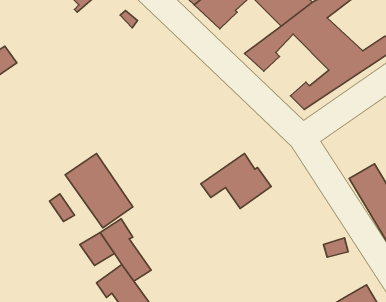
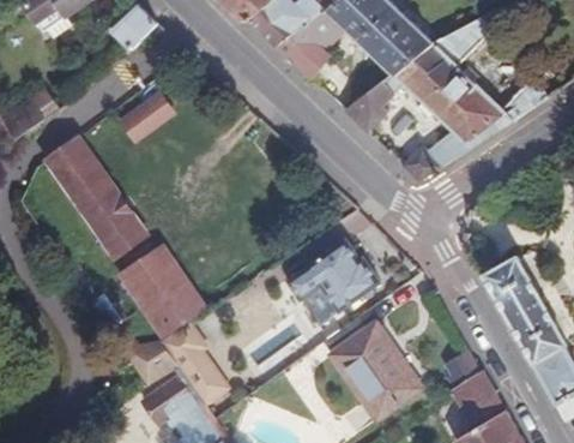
building: none -> [115,97,167,144]
building: none -> [44,137,140,255]
building: none -> [332,324,419,418]
building: none -> [452,371,503,426]

